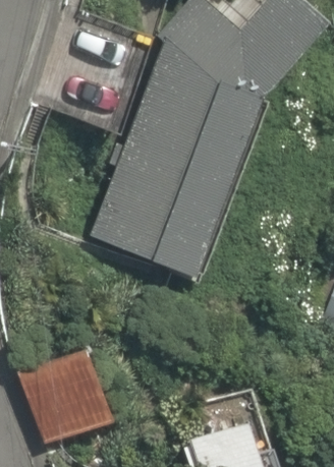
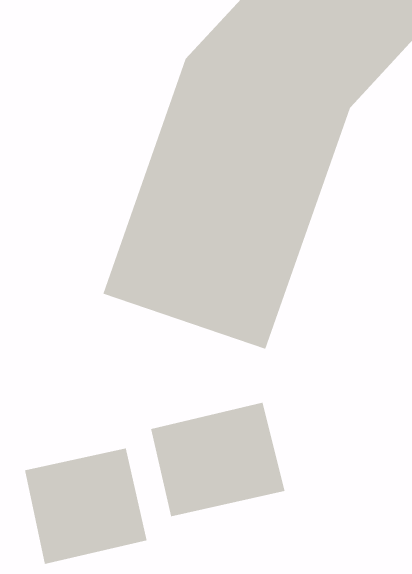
building: none -> [150,402,285,517]

